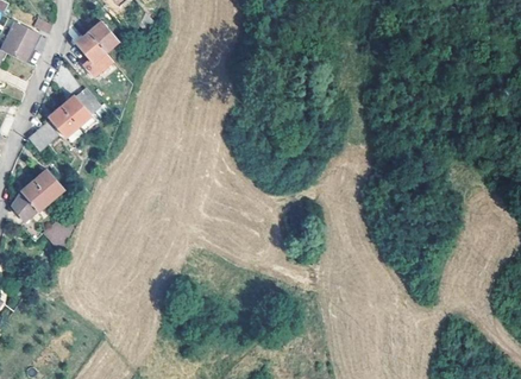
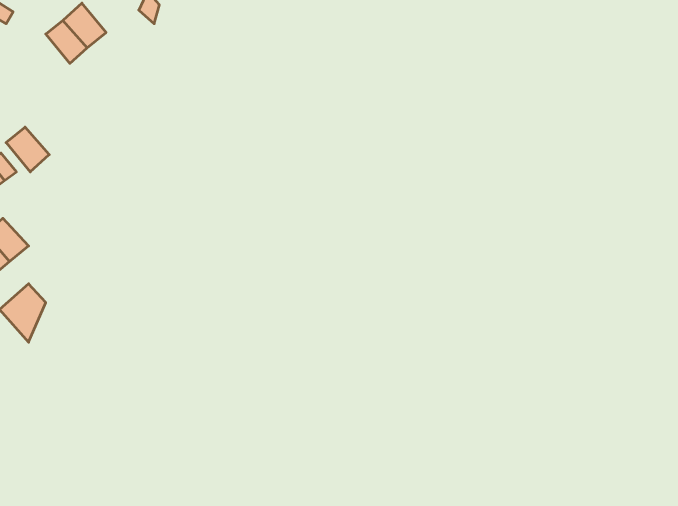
building: [61,87,99,125] -> none

